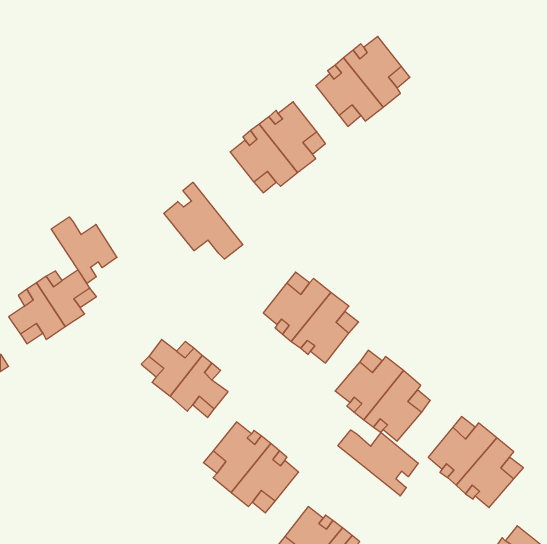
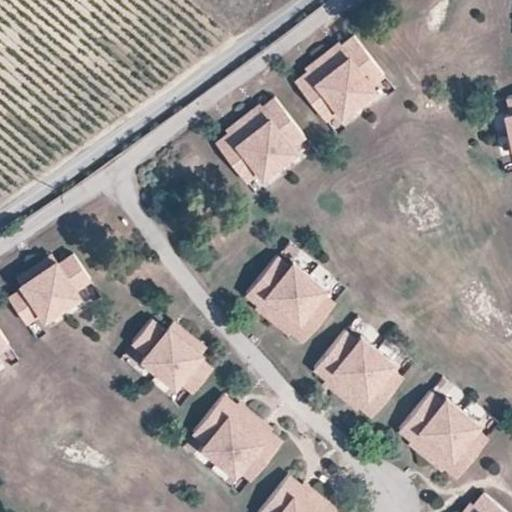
building: [164,182,243,259] -> none
building: [51,217,117,284] -> none
building: [338,430,418,496] -> none

